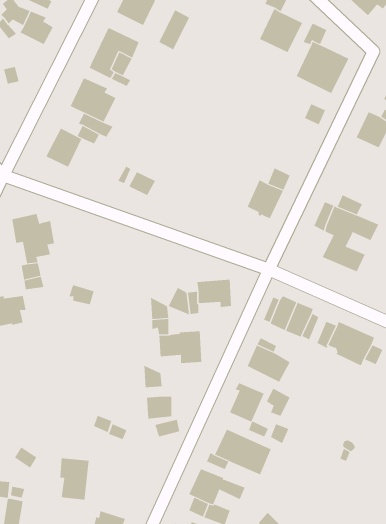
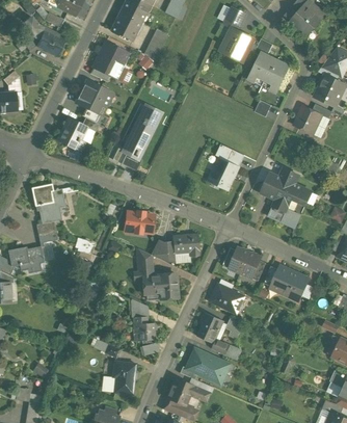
building: none -> [125,105,159,151]
building: none -> [125,210,154,235]
building: [59,458,89,500] -> [113,362,136,394]

